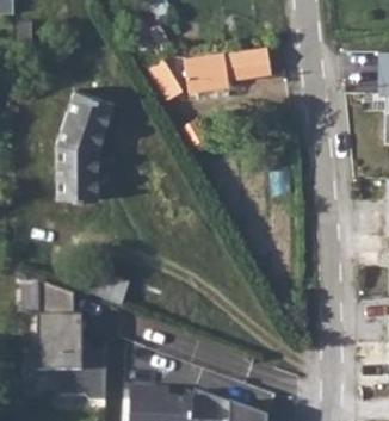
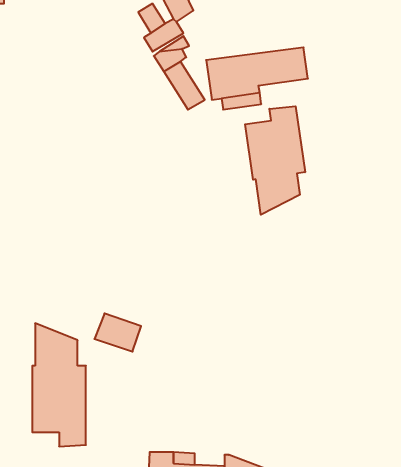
building: [58,91,116,202] -> none
building: none -> [245,106,305,215]

